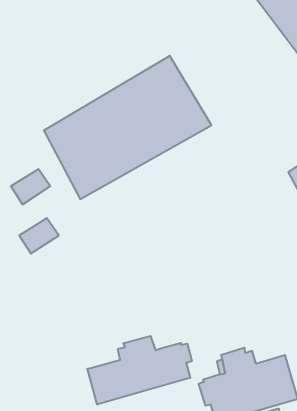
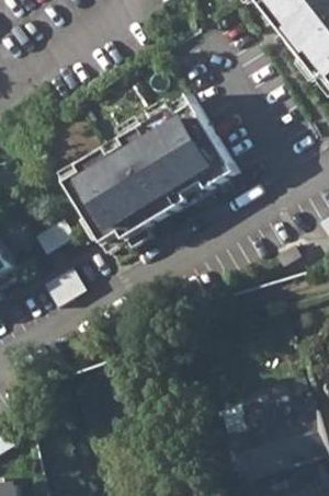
building: [87,336,192,405] -> none

